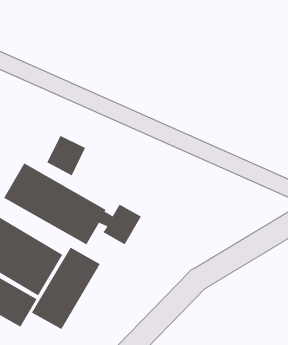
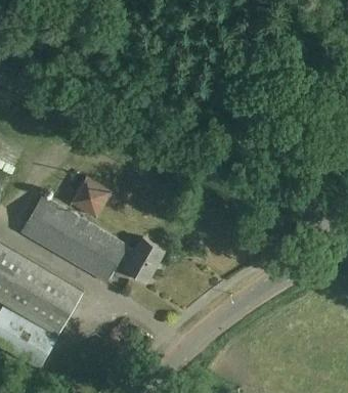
building: [31,247,101,330] -> none

